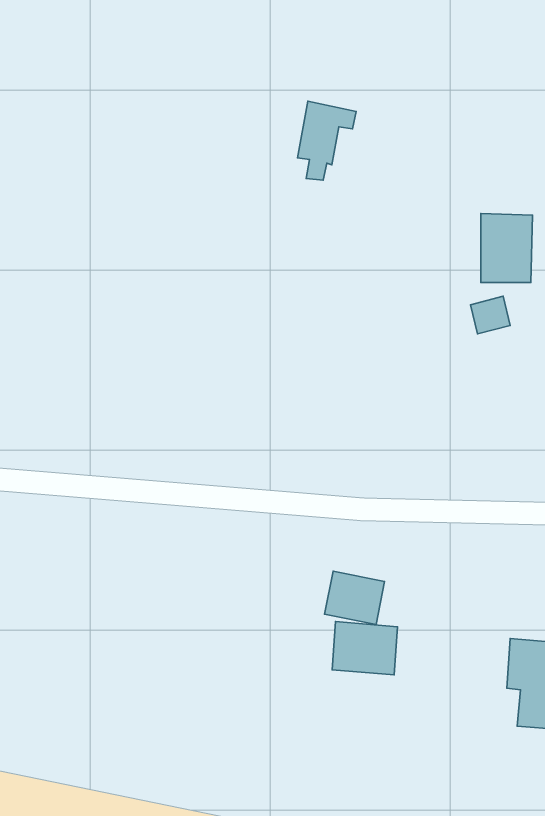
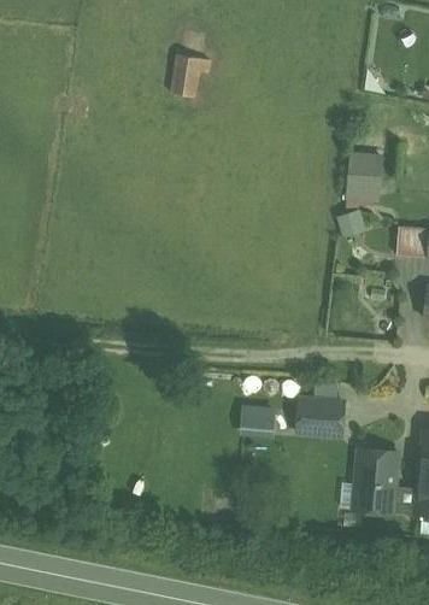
building: [298,101,356,180] -> [171,52,212,107]
building: [332,622,398,675] -> [299,398,345,435]

